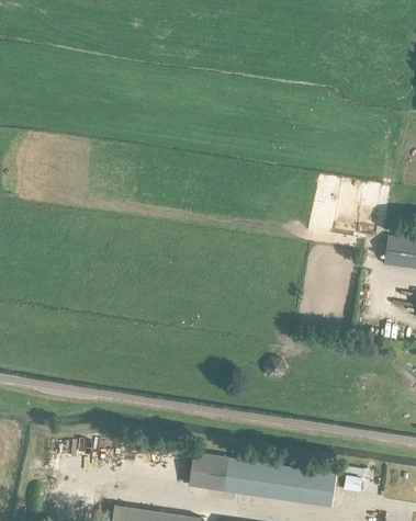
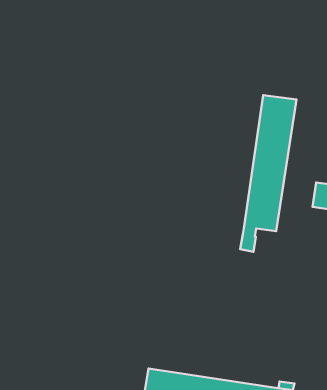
building: none -> [240,95,296,252]

